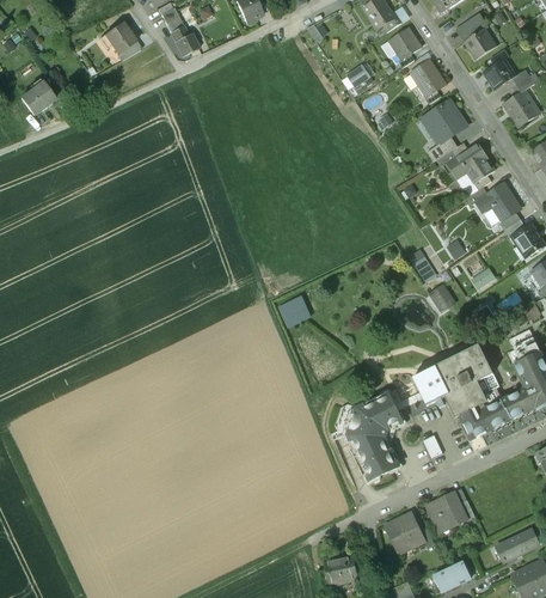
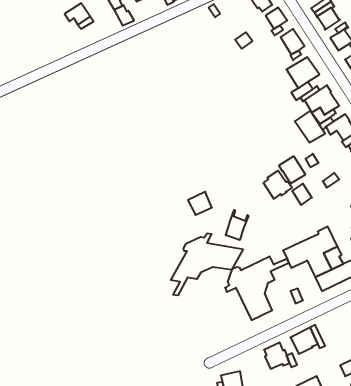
building: [22,81,55,114] -> none
building: none -> [295,111,325,143]
building: none -> [264,171,292,199]
building: none -> [226,210,248,240]
building: none -> [171,233,243,295]

